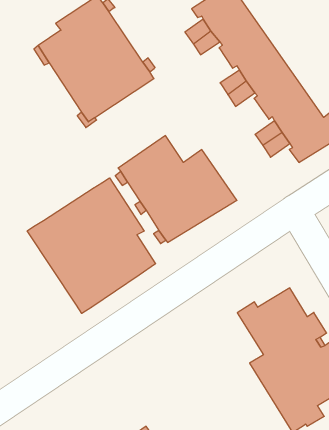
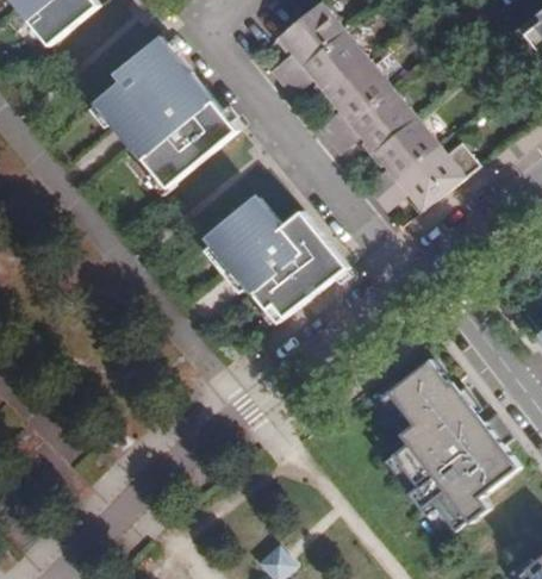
building: [27,178,156,313] -> none

